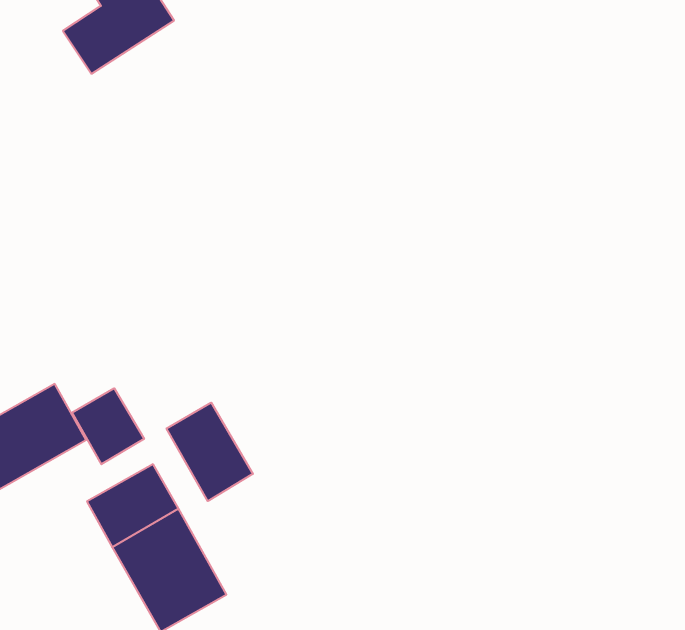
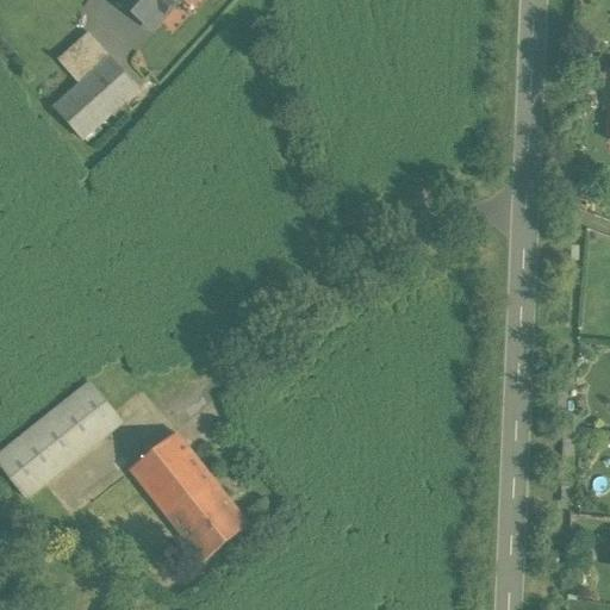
building: [72,388,144,464] -> none
building: [167,403,253,501] -> none

